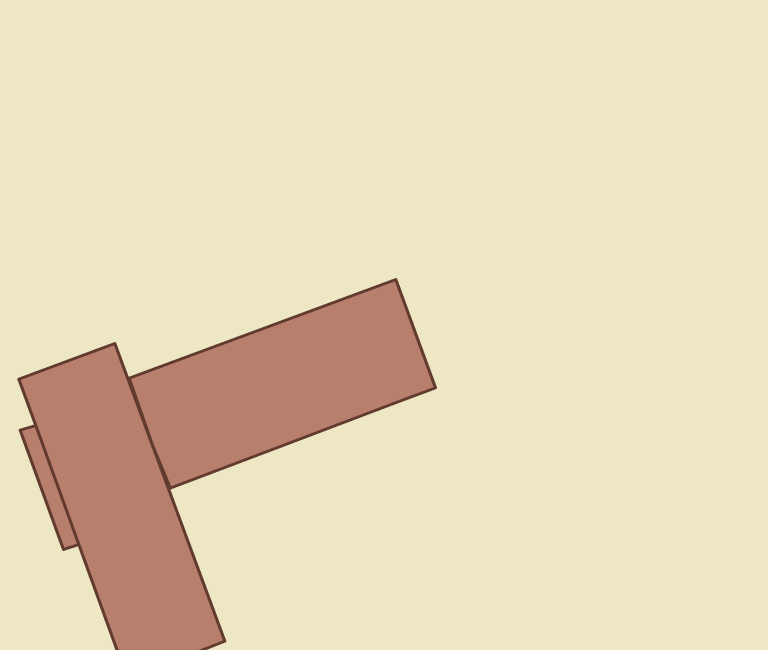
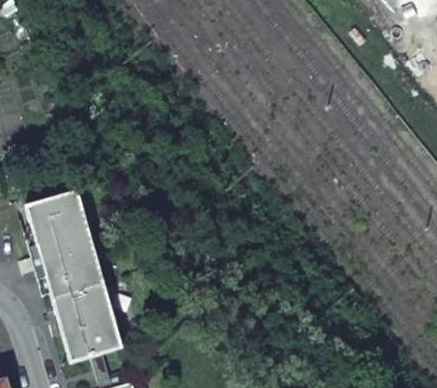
building: [129,280,436,488] -> none

